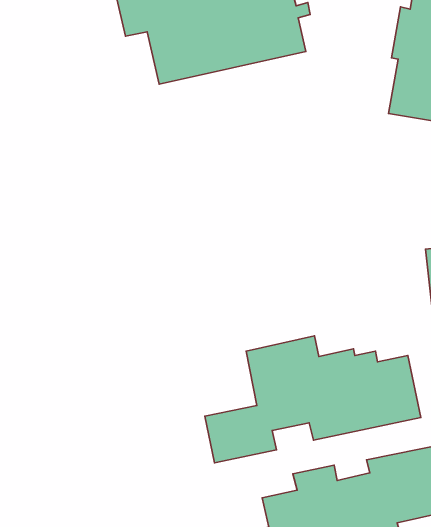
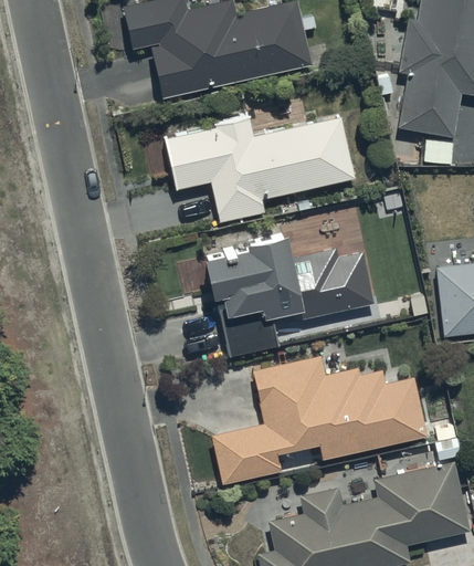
building: none -> [162,116,359,221]
building: none -> [200,231,366,358]

